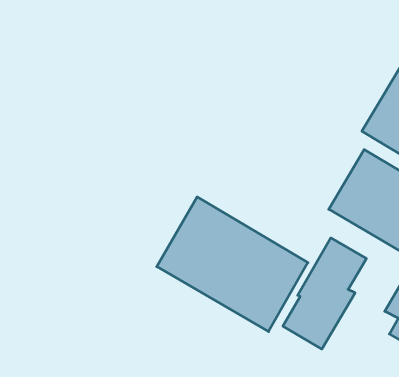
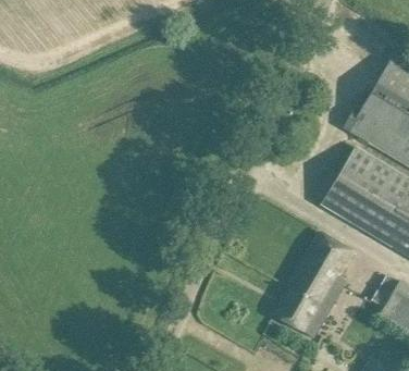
building: [157,197,308,332] -> none

